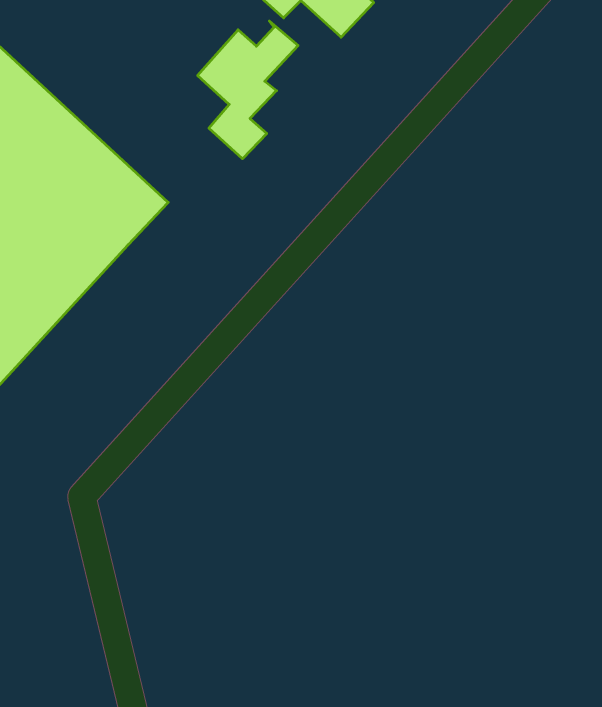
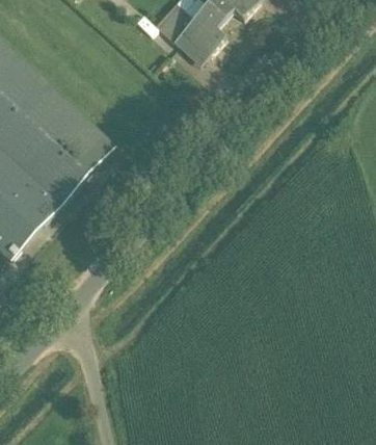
building: [198,21,298,159] -> none

